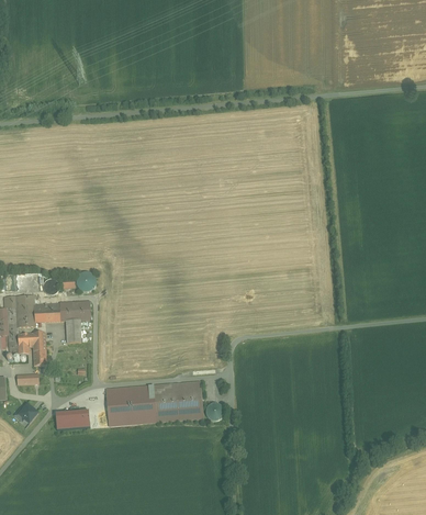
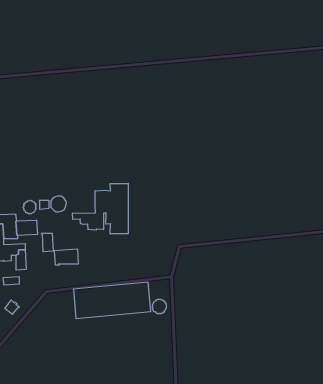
building: none -> [73,183,128,234]
building: [58,300,90,320] -> [53,249,79,265]
building: [58,410,92,428] -> none

